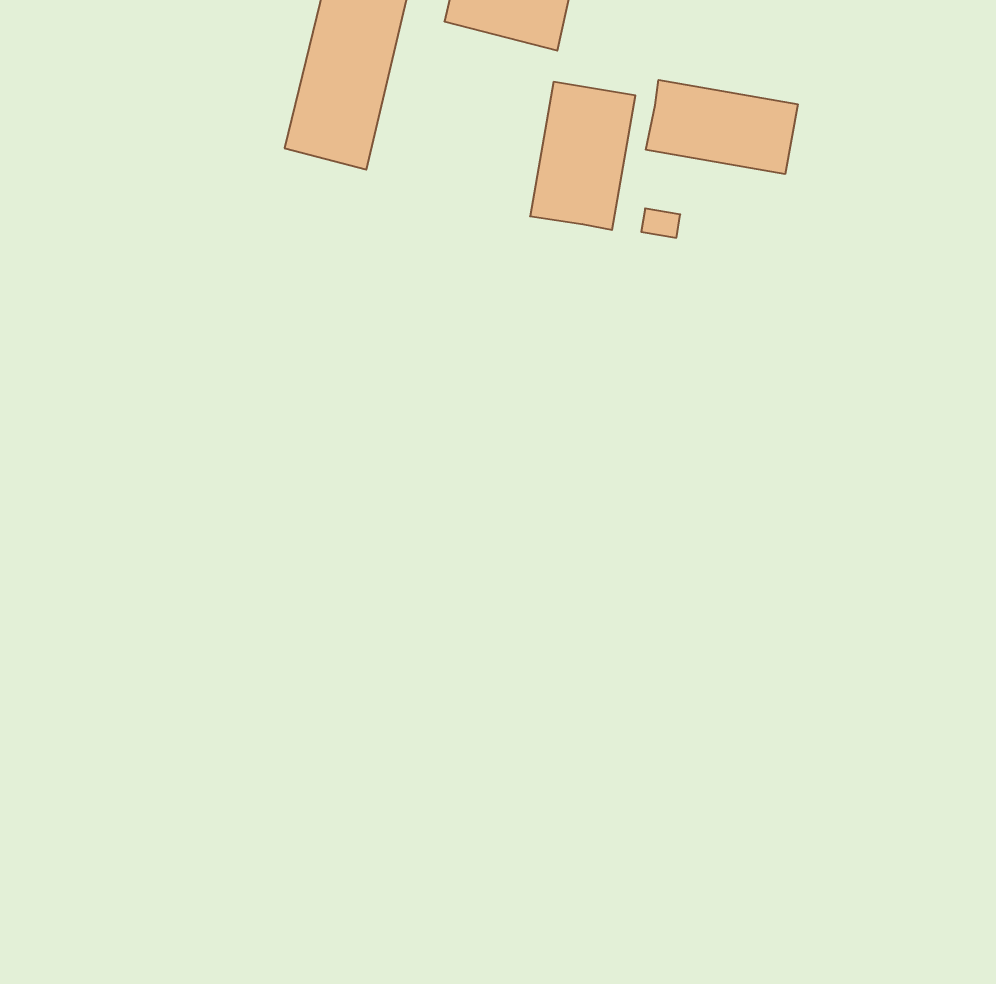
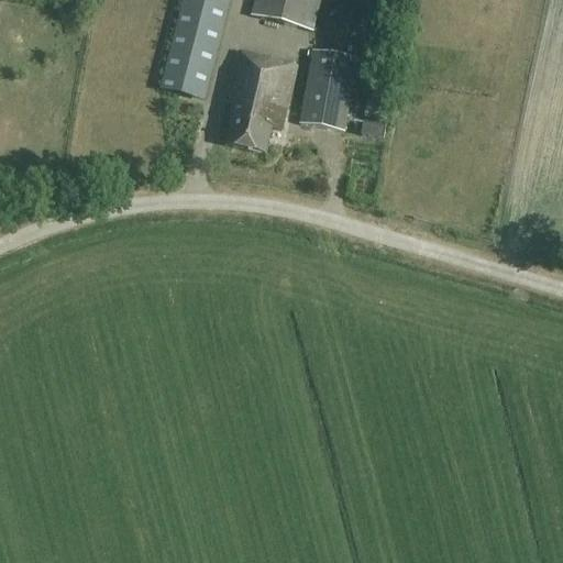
building: [646,80,798,174] -> none
building: none -> [225,47,296,152]

